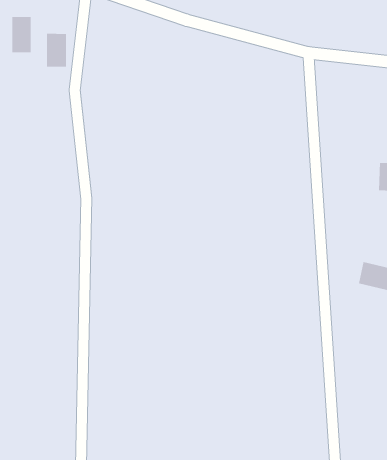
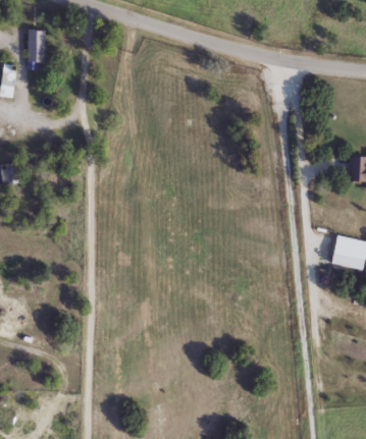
building: [46,33,67,68] -> none

